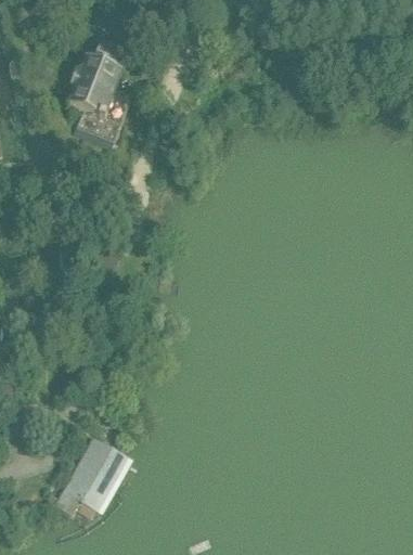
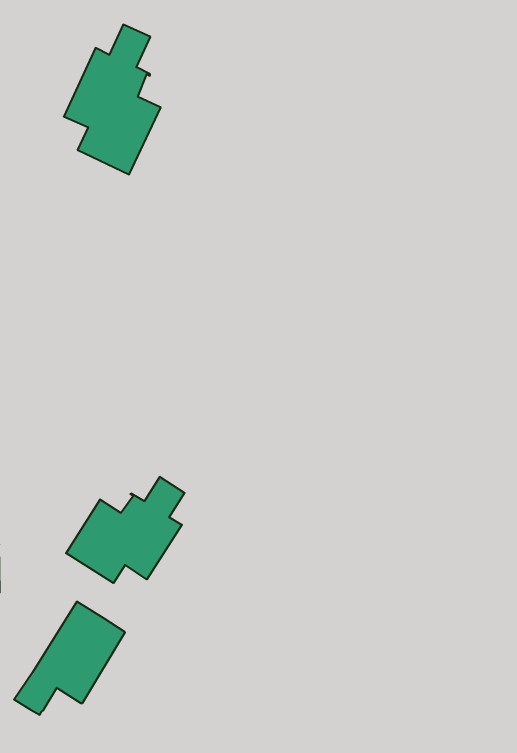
building: none -> [66,477,185,583]

